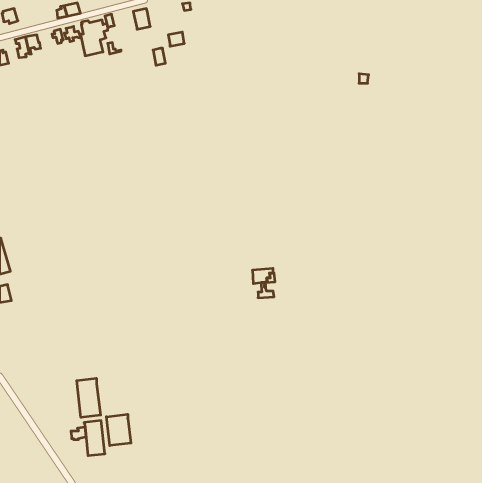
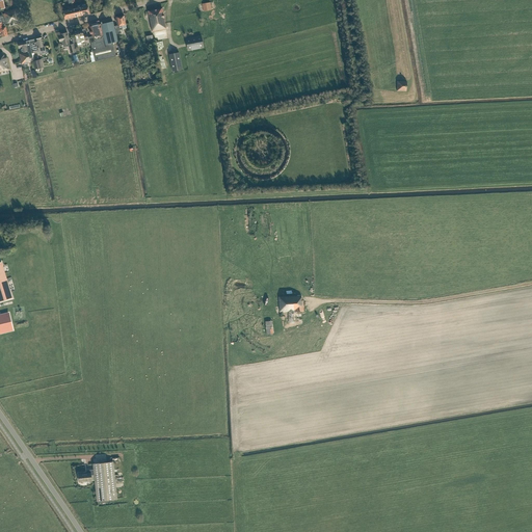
building: [77,378,101,417] -> none
building: [106,414,131,446] -> none

